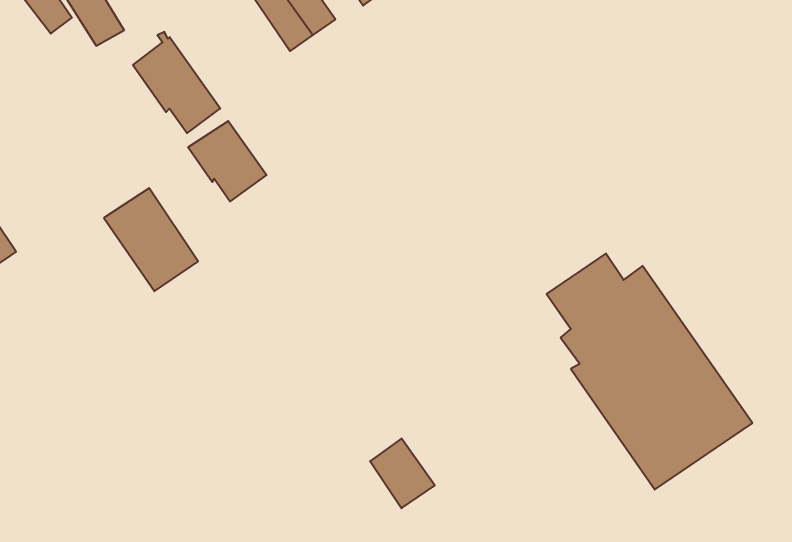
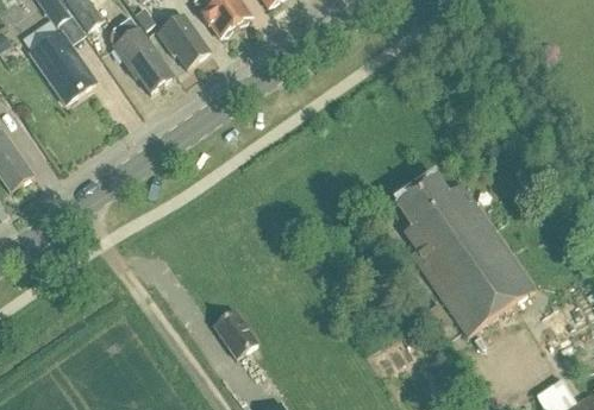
building: [188,121,267,201] -> [156,13,210,68]
building: [104,188,198,291] -> [30,32,94,102]
building: [370,438,435,508] -> [213,310,257,358]

